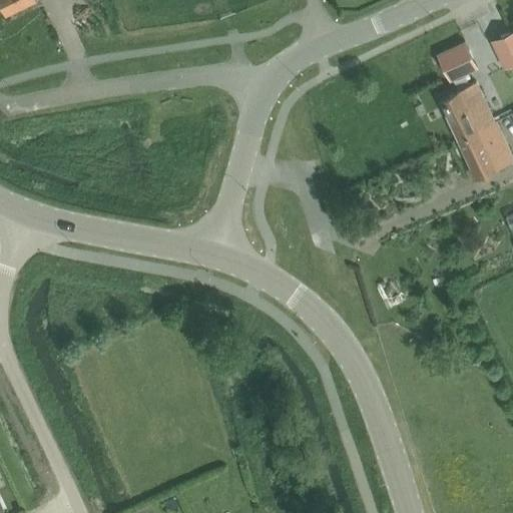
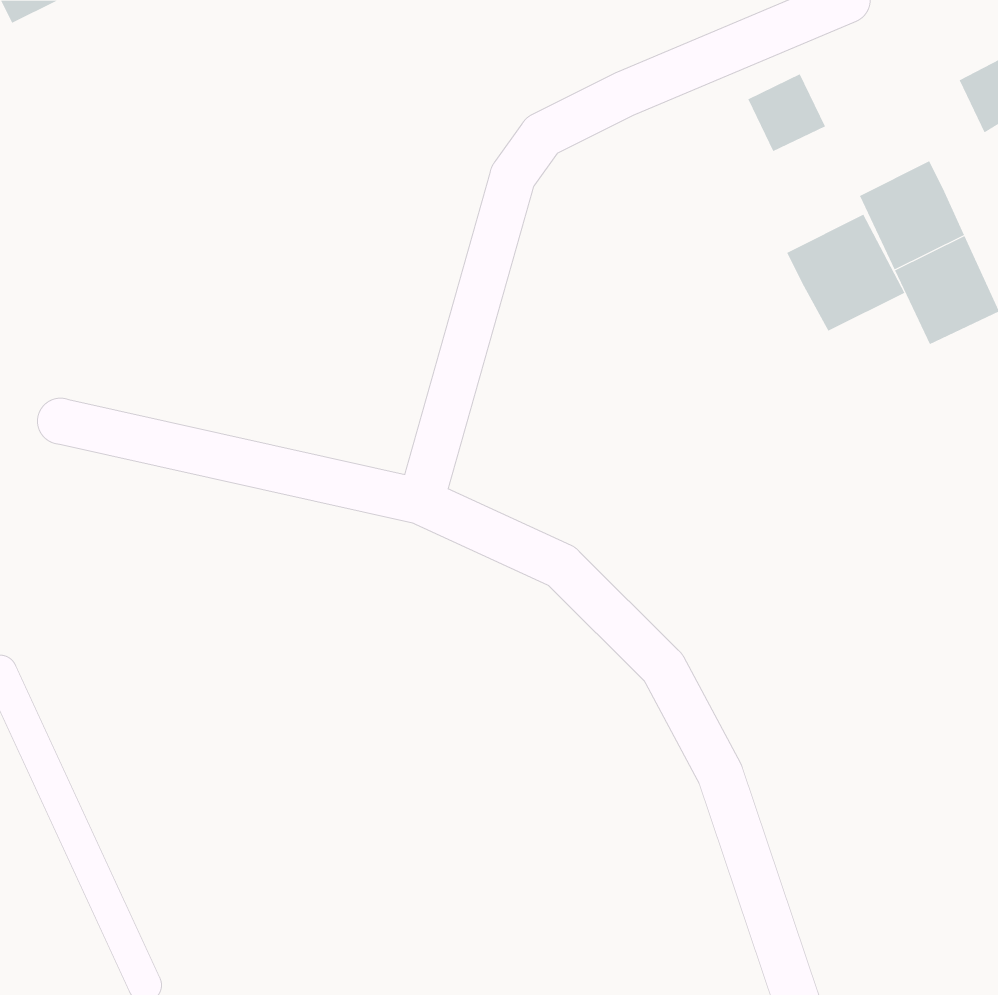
building: [438,44,478,84] -> [747,74,826,152]
building: none -> [786,214,905,332]

